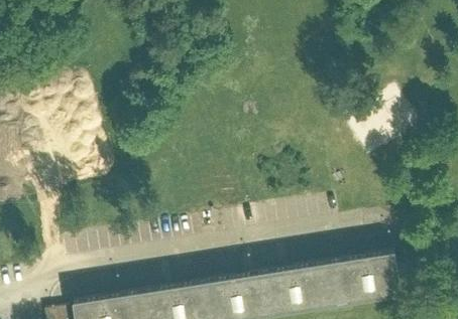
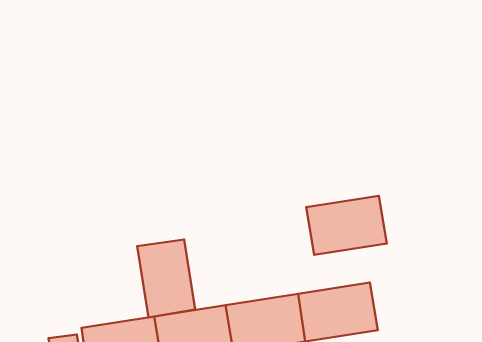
building: none -> [137,239,195,317]
building: [329,254,400,306] -> [306,196,387,255]

